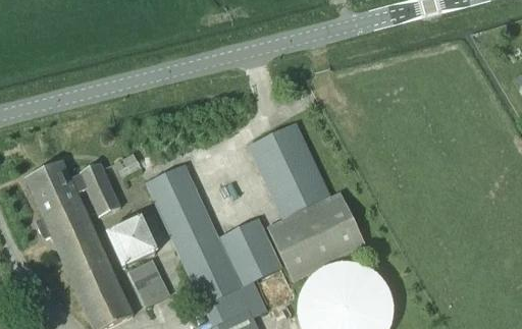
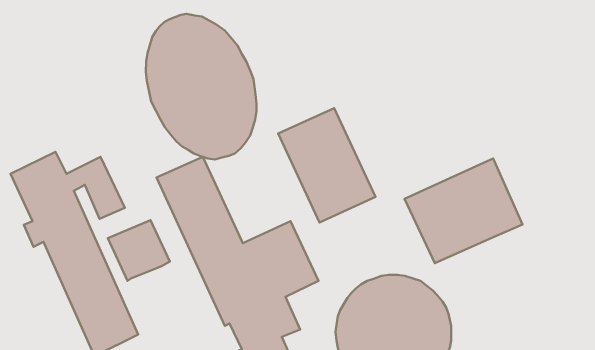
building: none -> [146,14,257,160]
building: [266,193,365,280] -> [404,159,522,263]
building: [126,258,168,307] -> none

